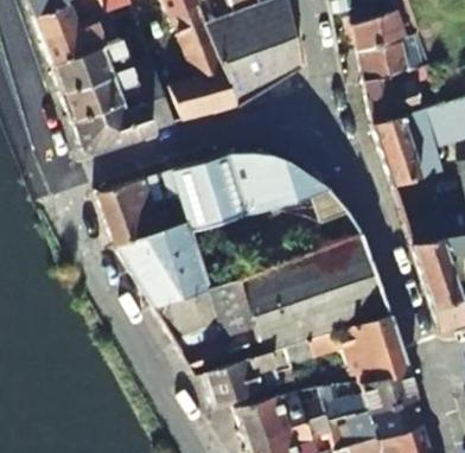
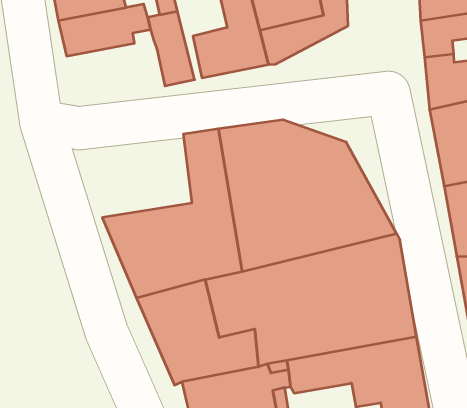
building: [69,100,153,152] -> none
building: [96,170,187,247] -> none

